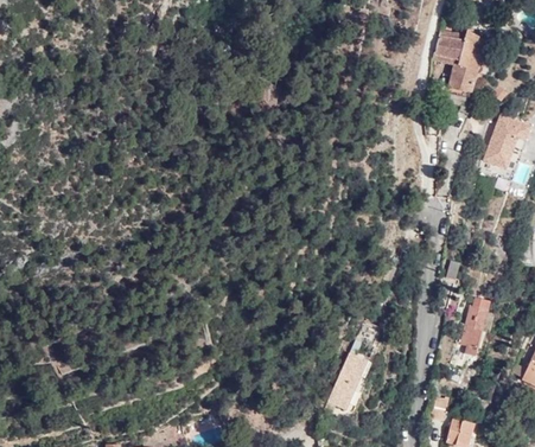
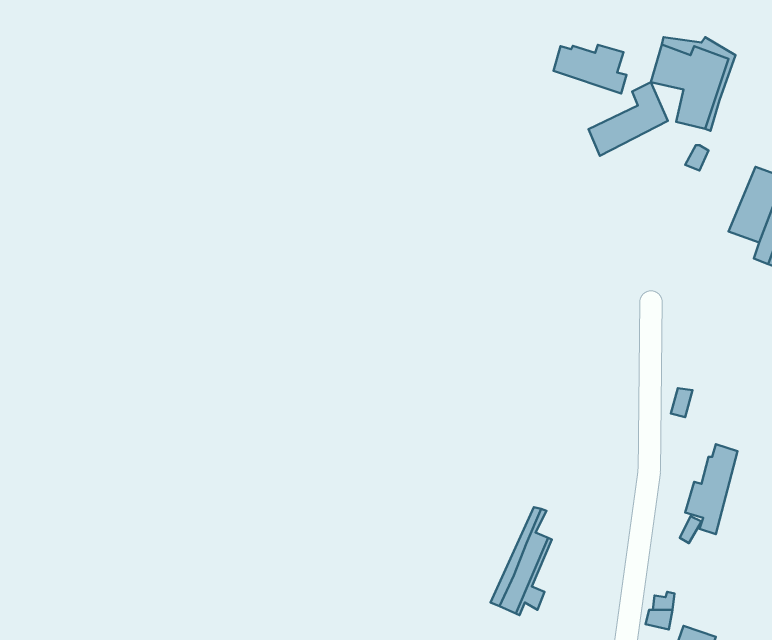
building: none -> [554,45,626,93]
building: none -> [589,82,668,156]

